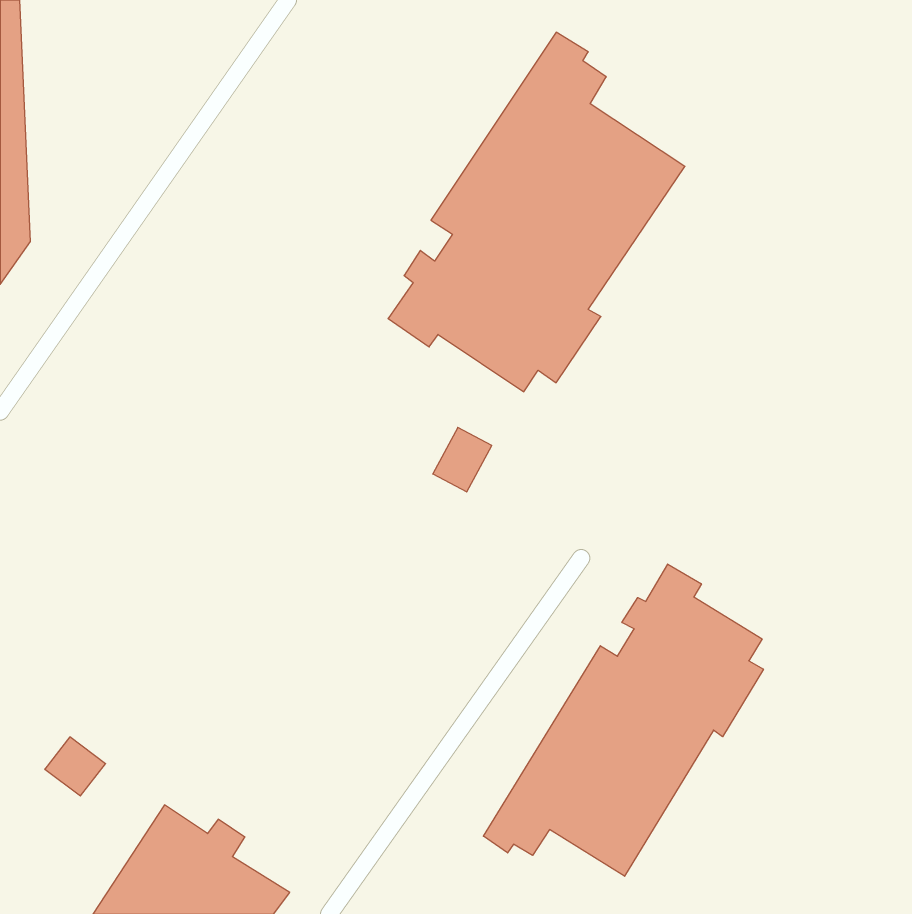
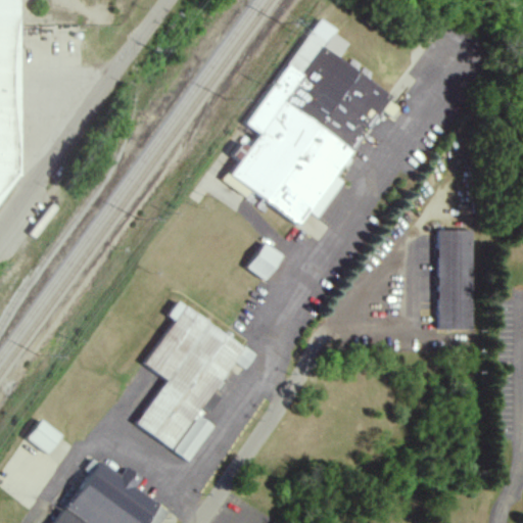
building: none -> [436,231,473,331]
building: none -> [135,303,255,461]
building: [483,564,763,876] -> none

